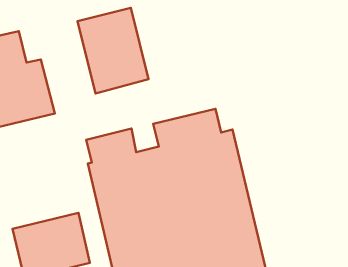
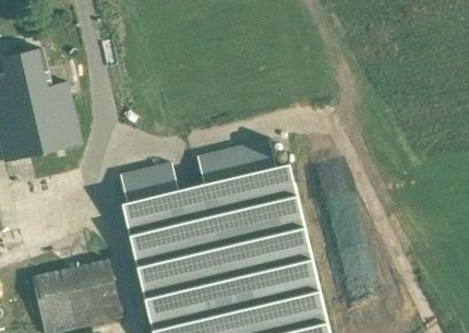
building: [77,8,148,94] -> none

